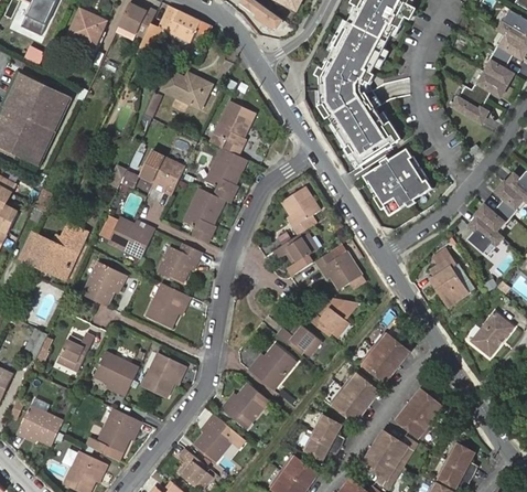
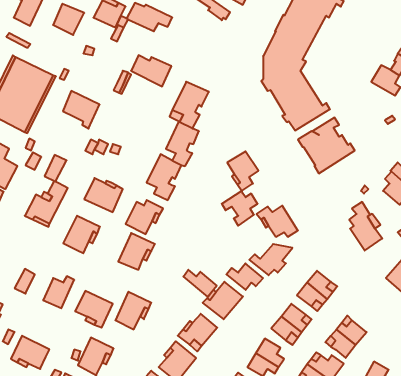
building: [141,150,185,195] -> [63,91,100,129]
building: [21,233,47,265] -> [45,155,67,182]
building: none -> [183,270,217,297]

